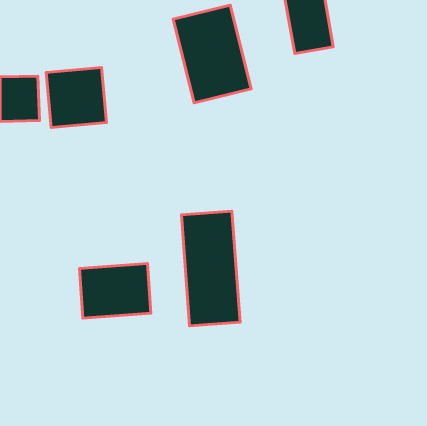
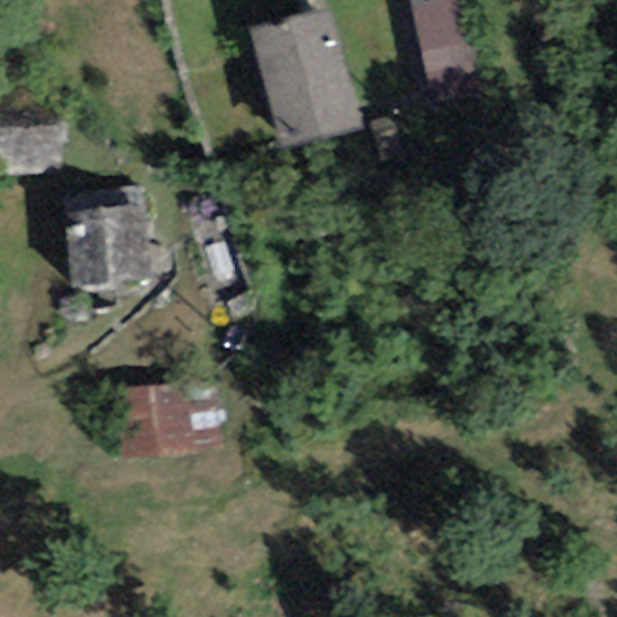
building: [46,67,107,128] -> [63,201,149,288]
building: [181,211,240,326] -> none

